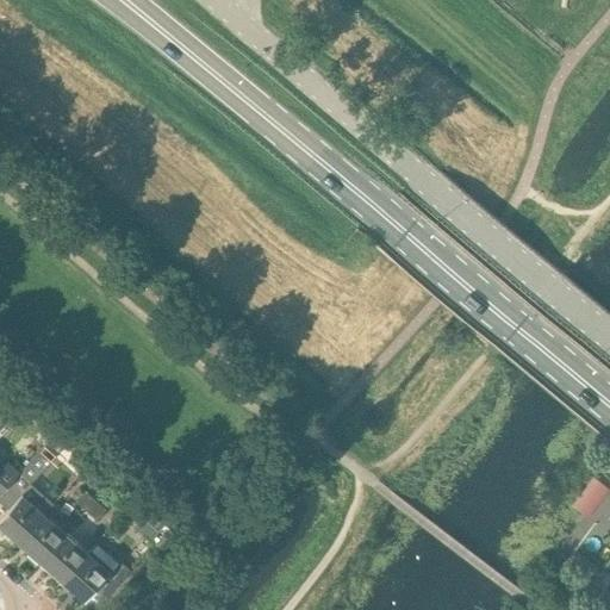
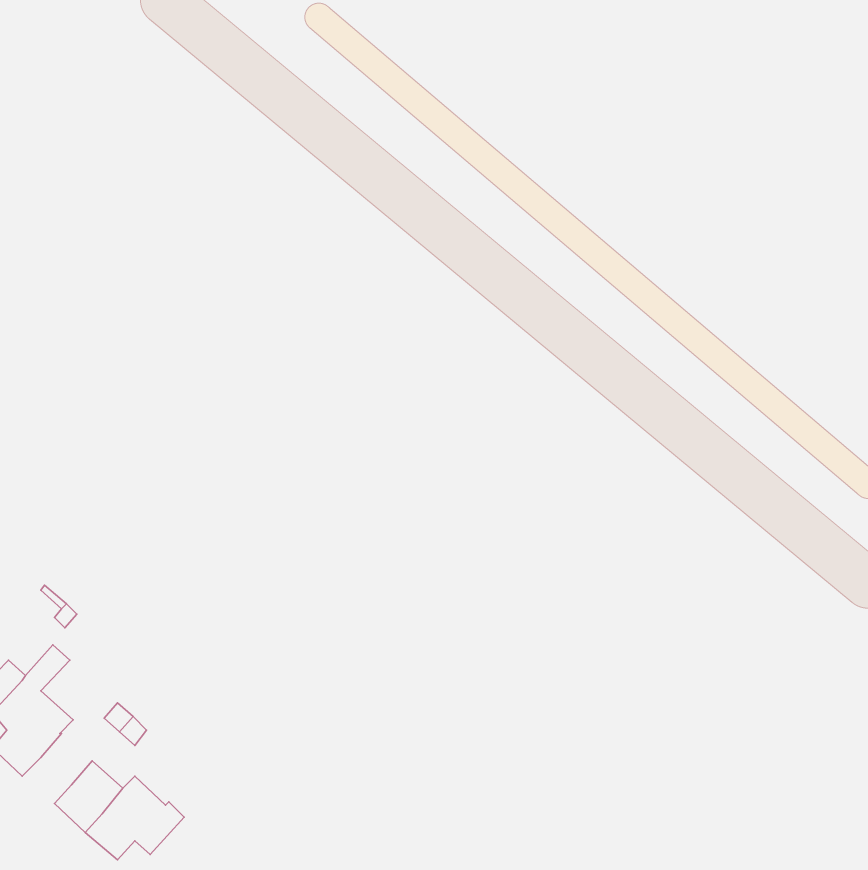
building: [15,513,64,562] -> none

